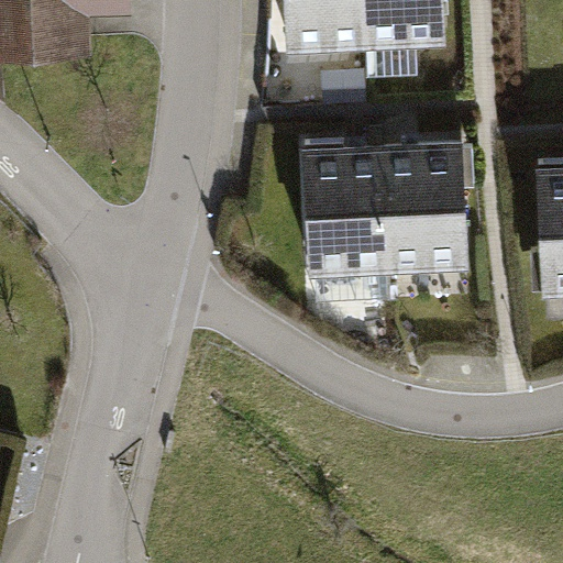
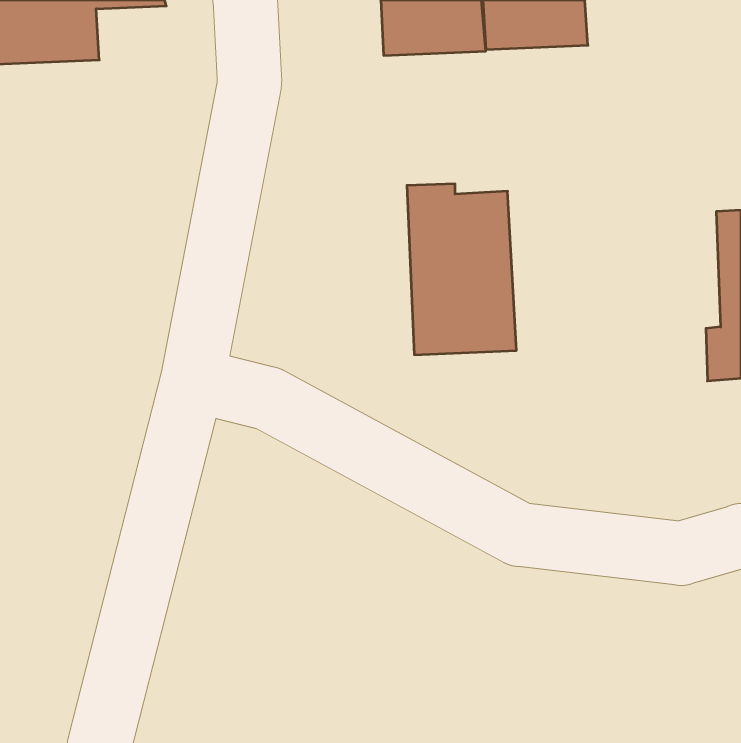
building: [383,141,476,266] -> none

